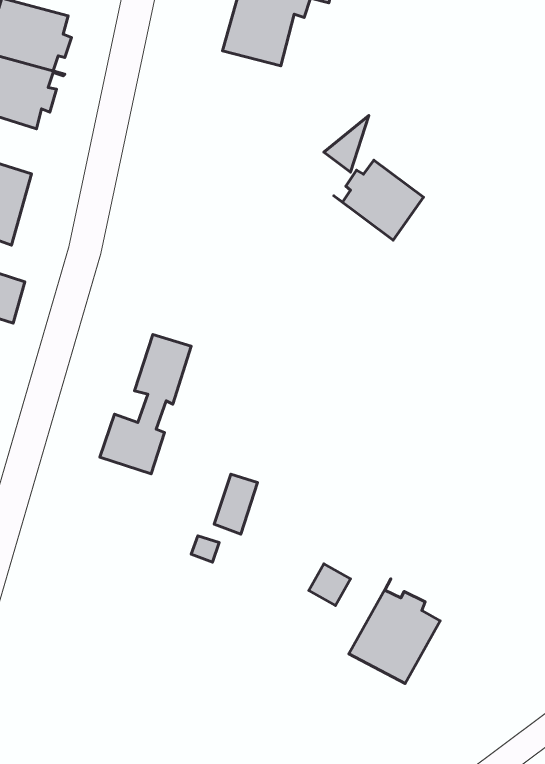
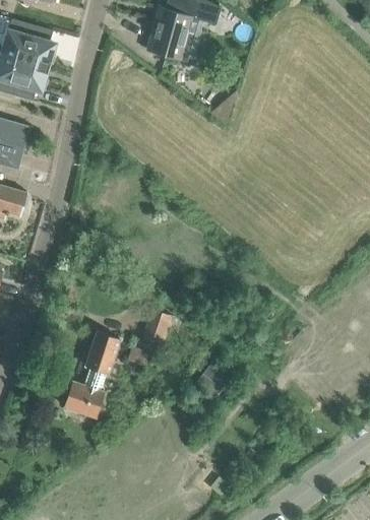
building: [334,160,424,240] -> none
building: [100,334,191,474] -> [63,332,119,417]
building: [349,579,440,683] -> none

